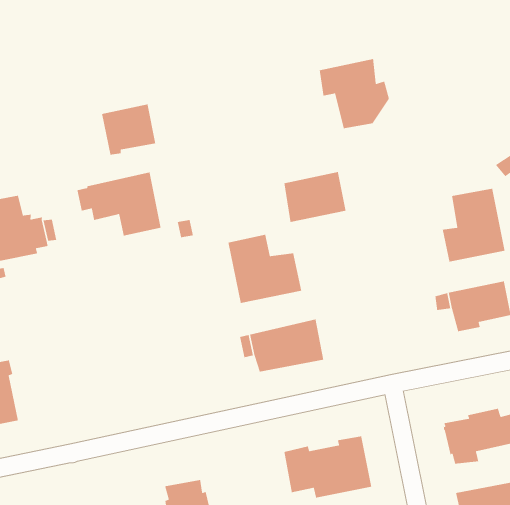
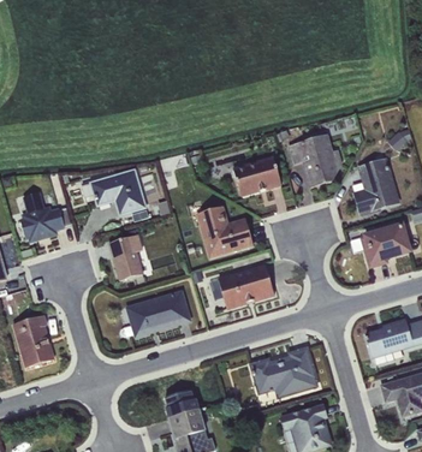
building: [319,58,390,129] -> [289,133,343,188]
building: [101,103,156,155] -> none
building: none -> [108,234,143,280]
building: none -> [120,290,189,335]

